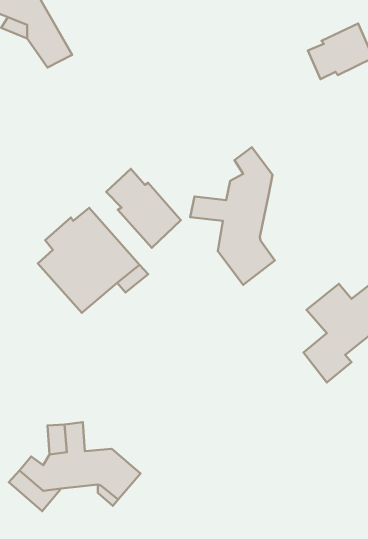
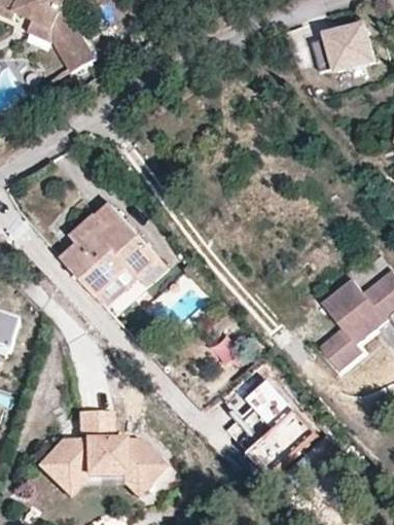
building: [190,147,275,285] -> none
building: [106,169,181,248] -> none
building: none -> [244,377,312,471]

